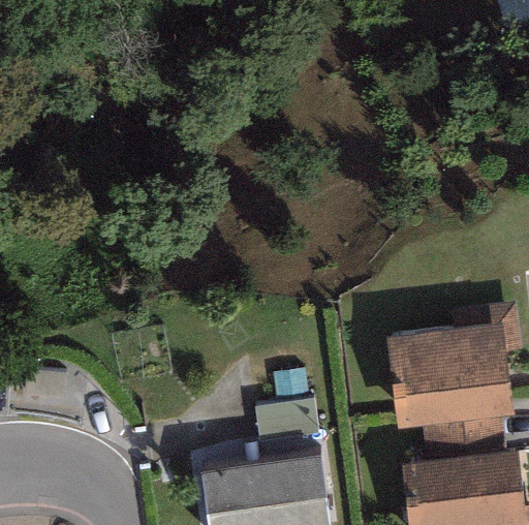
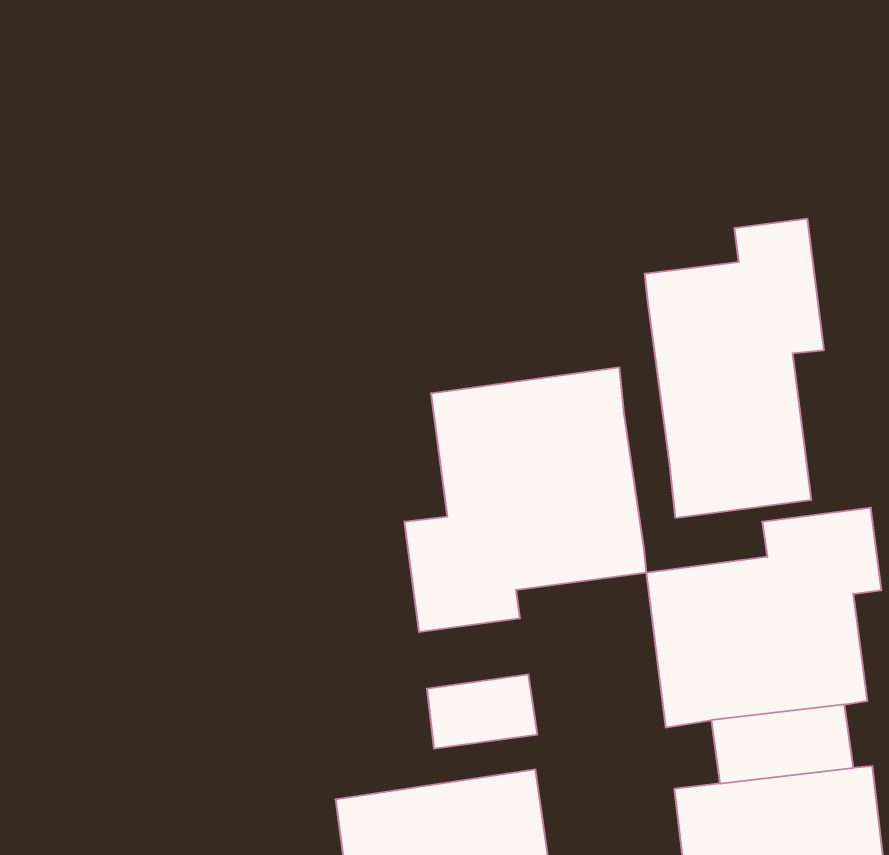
building: none -> [645,219,824,518]
building: none -> [405,367,646,632]

